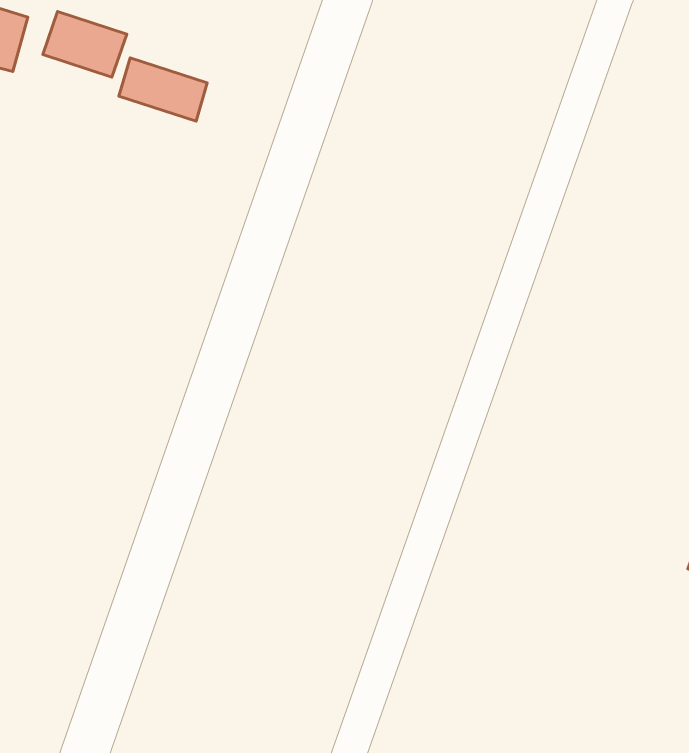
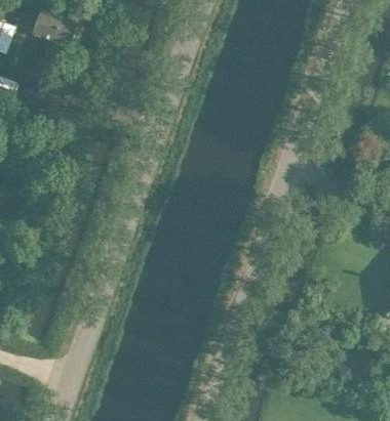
building: [119,58,207,121] -> none

